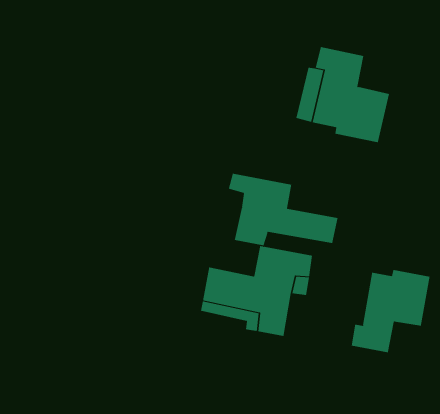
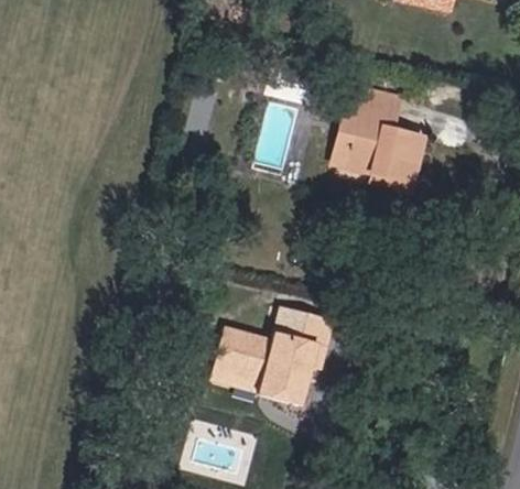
building: [228,173,338,246] -> none
building: [351,269,430,353] -> none

